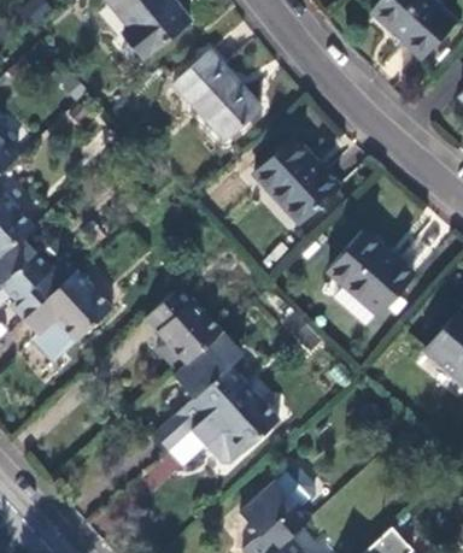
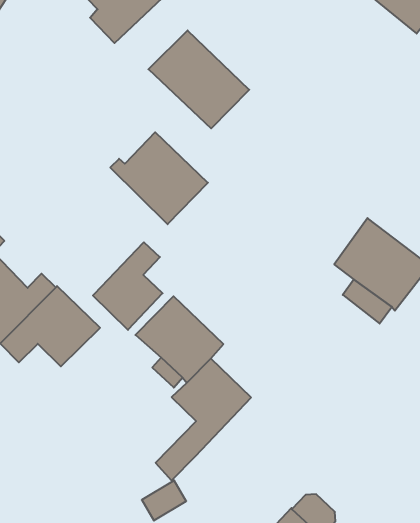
building: [250,139,336,222] -> [110,132,208,224]
building: none -> [93,242,163,330]
building: [192,383,280,466] -> none

